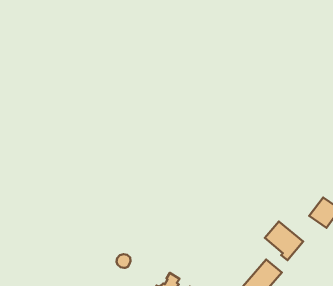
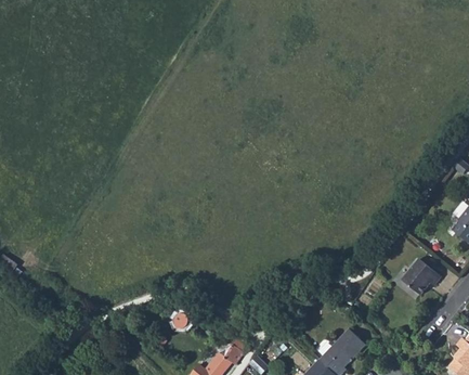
building: [265,221,303,260] -> none

